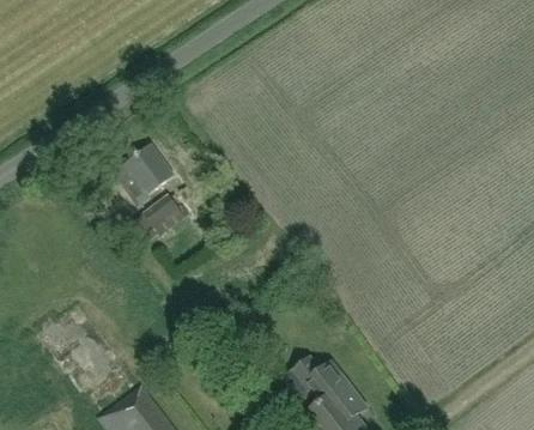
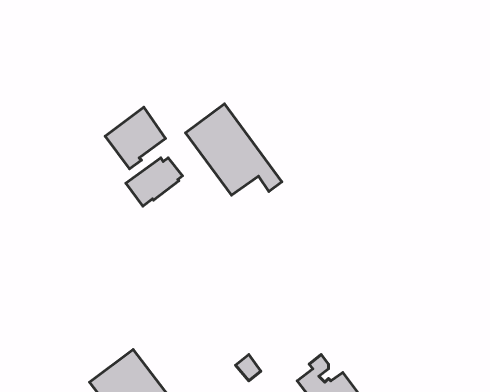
building: none -> [186,104,282,195]
building: [281,355,365,416] -> none

